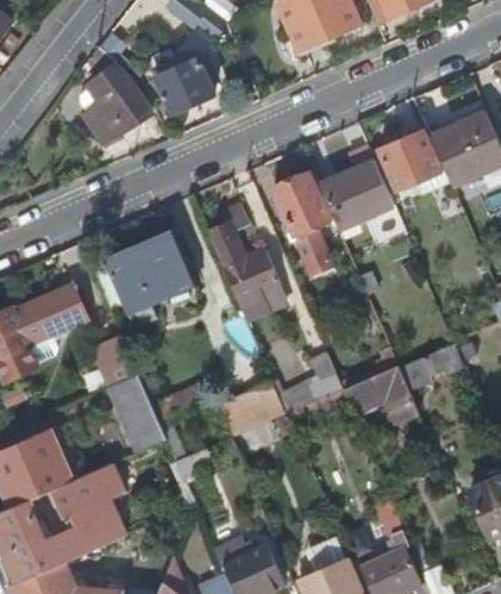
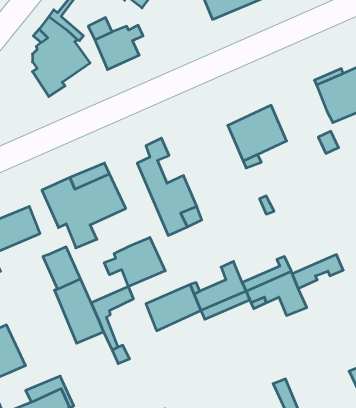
building: [377,129,450,195] -> none
building: [275,171,333,275] -> none
building: none -> [104,237,165,286]
building: [51,464,121,515] -> none

